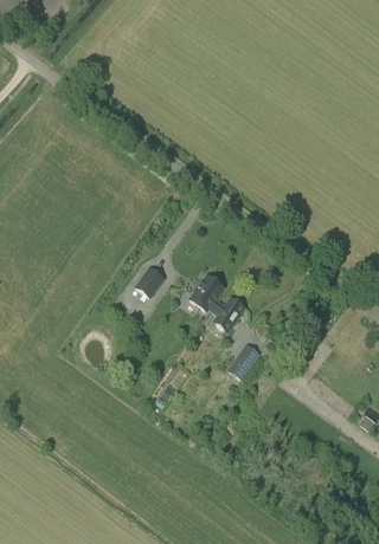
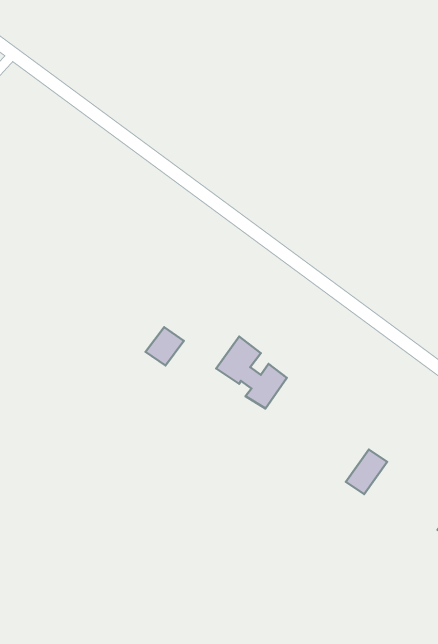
building: [227,344,259,378] -> [346,450,387,494]

